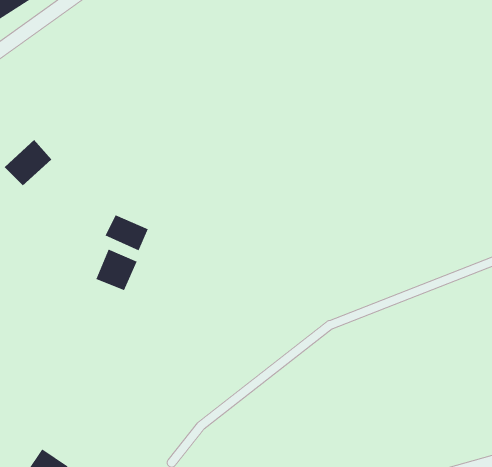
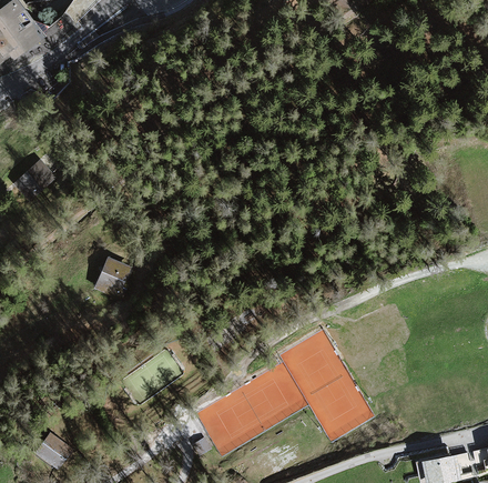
building: [105,214,149,251] -> none

